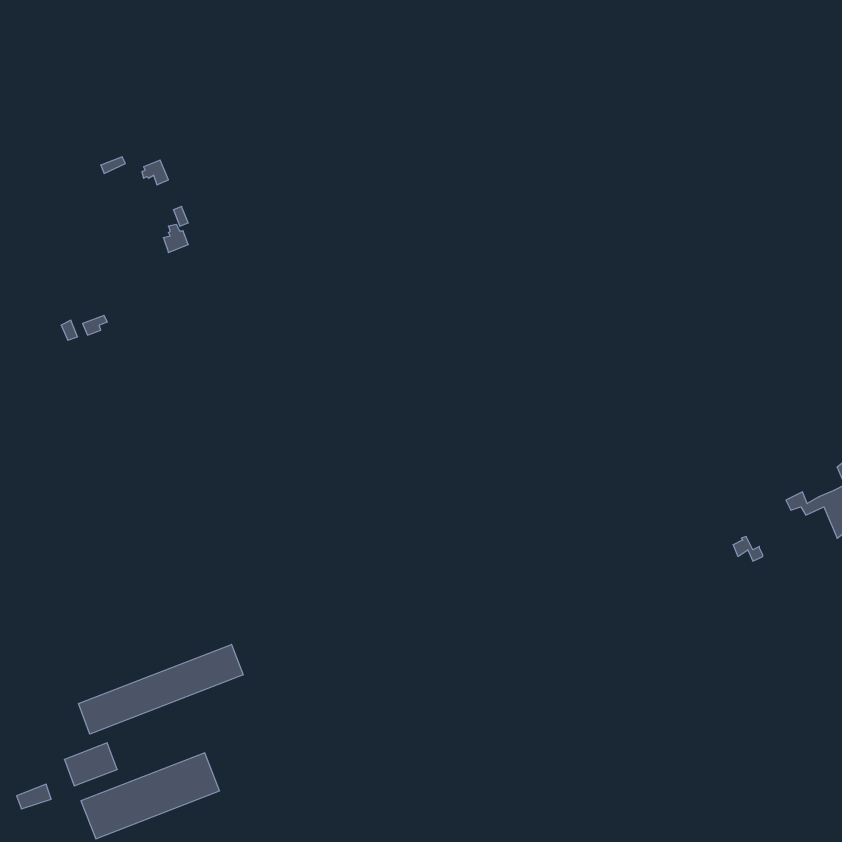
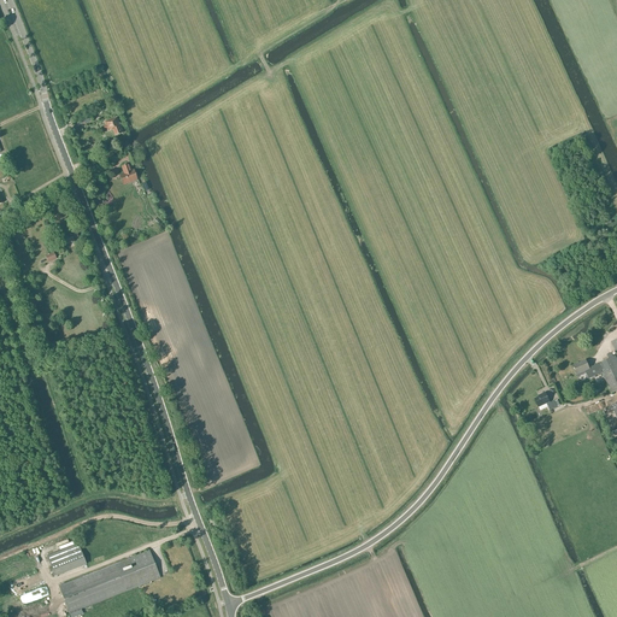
building: [78,644,243,734] -> none

